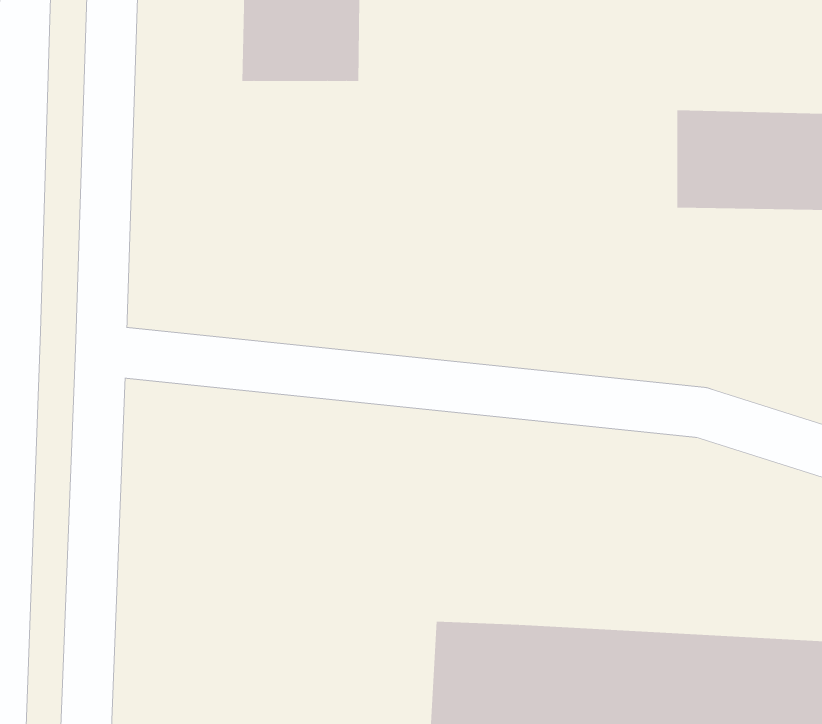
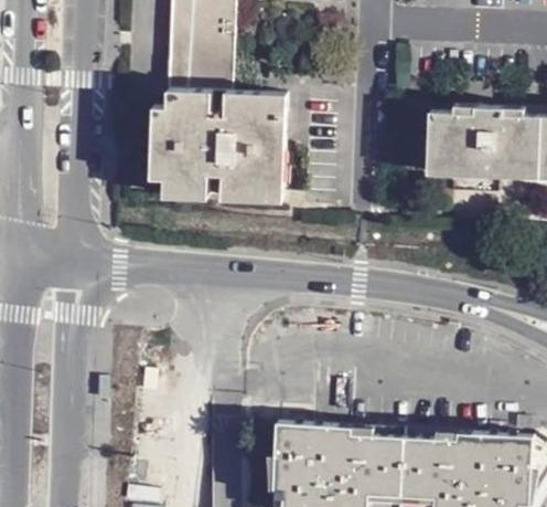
building: none -> [151,93,286,201]

